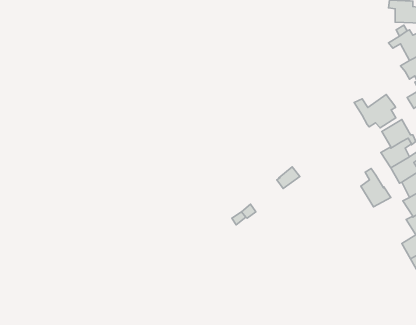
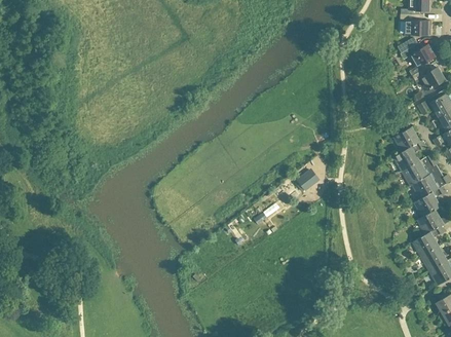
building: [354,94,396,128] -> none
building: [361,168,391,207] -> none

